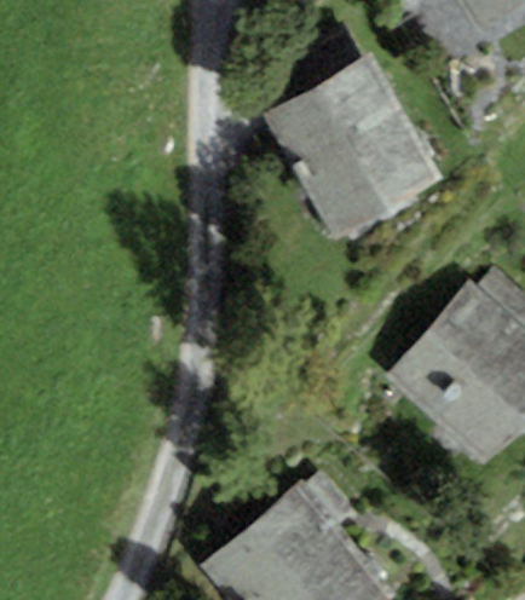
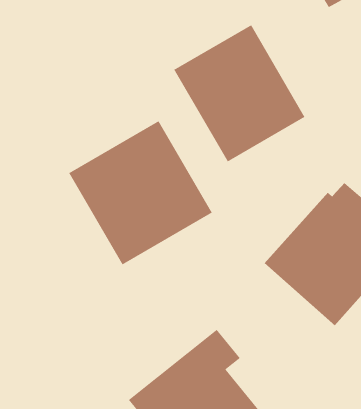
building: none -> [68,120,213,266]

